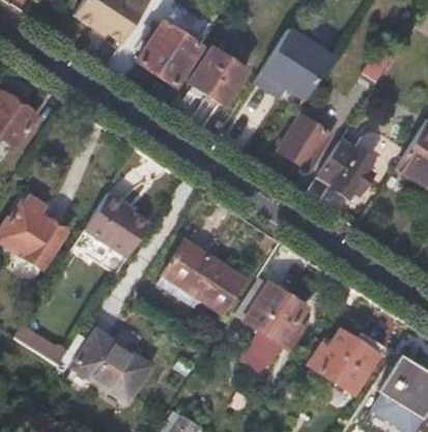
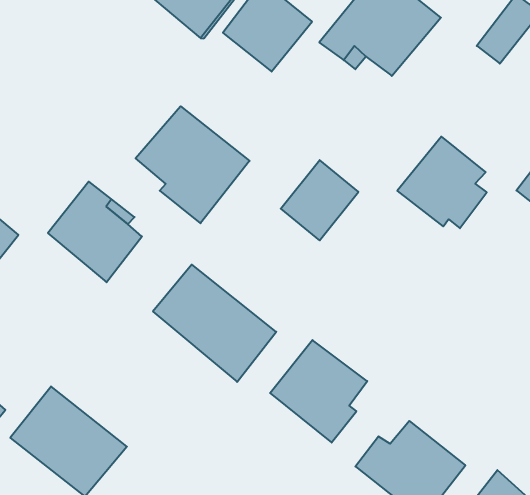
building: [281,115,332,169] -> [281,160,358,240]
building: none -> [136,106,250,223]
building: [242,330,285,373] -> none

